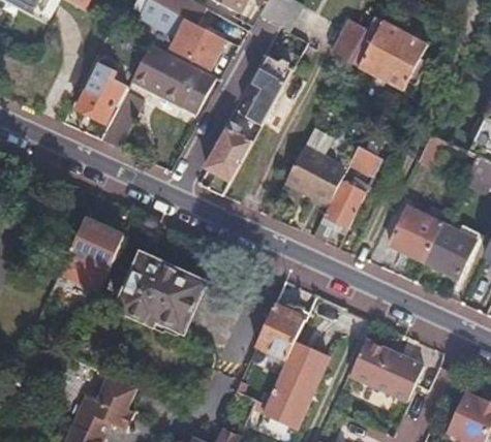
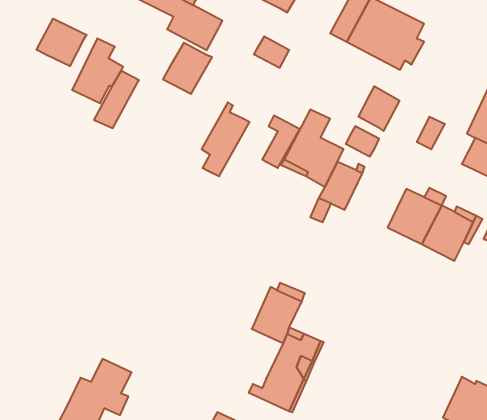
building: none -> [37,19,87,66]
building: [131,42,188,98] -> none
building: [246,73,283,125] -> [262,116,300,168]
building: none -> [359,86,400,131]
building: [60,219,123,290] -> none
building: [115,254,205,333] -> none
building: [348,339,423,401] -> none

